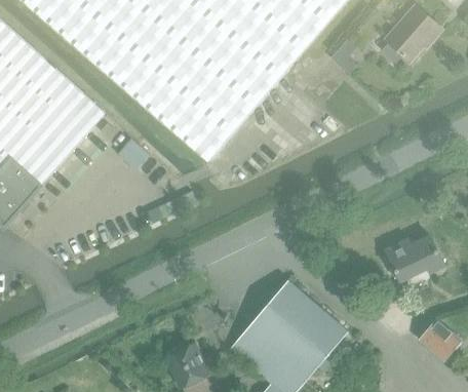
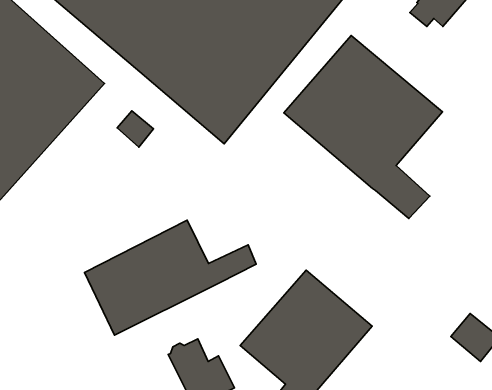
building: none -> [284,35,443,218]
building: [386,235,444,279] -> none
building: none -> [84,220,256,335]

